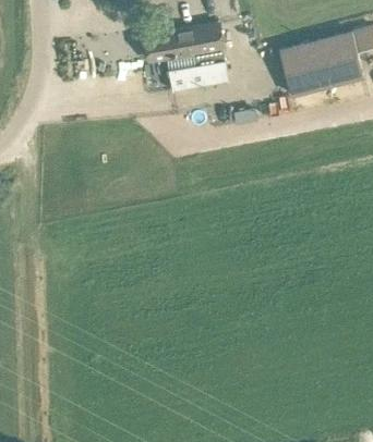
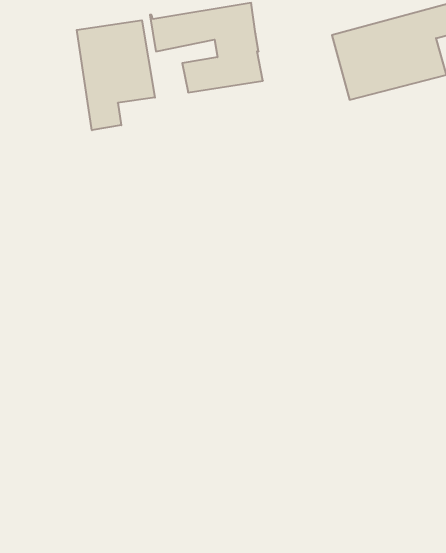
building: none -> [77,20,155,130]

